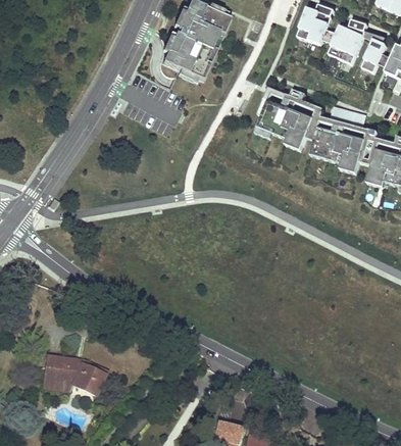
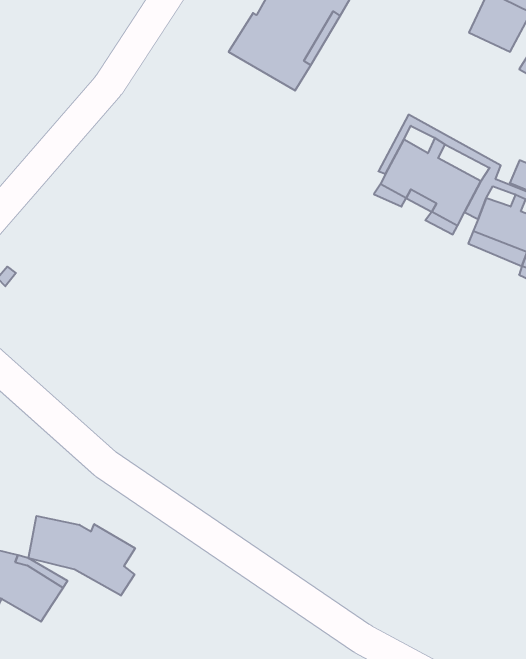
building: none -> [28,516,135,596]

